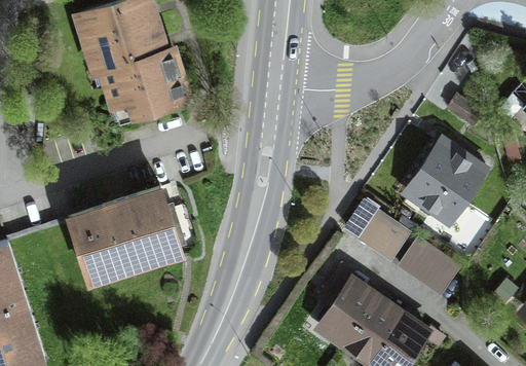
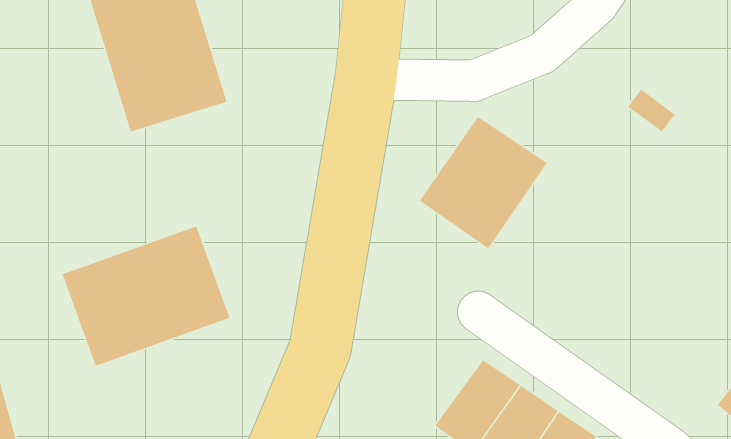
building: [399,137,486,227] -> [419,116,548,249]
building: [360,212,407,257] -> none
building: [400,240,458,293] -> none

